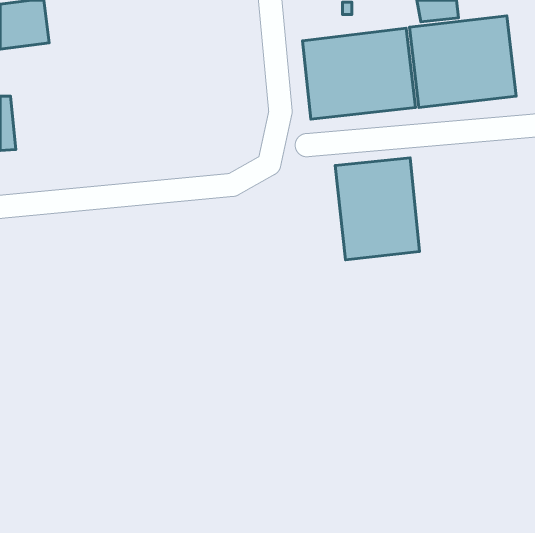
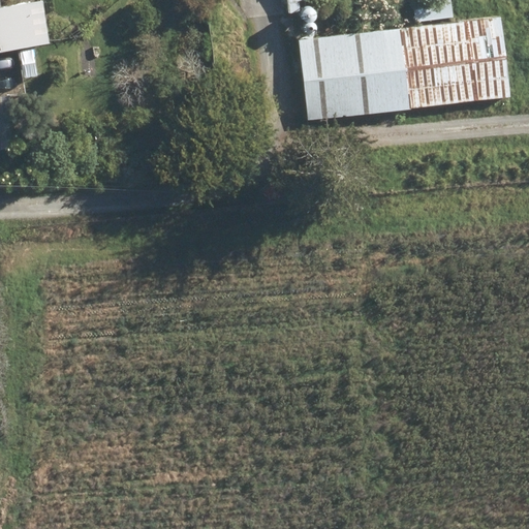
building: [335,158,419,260] -> none

